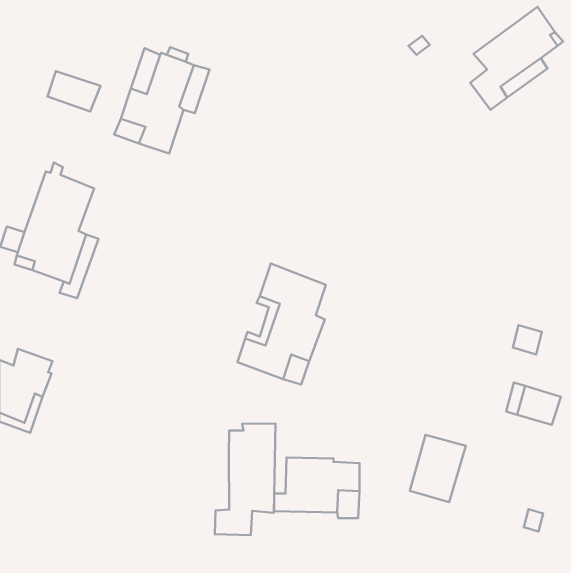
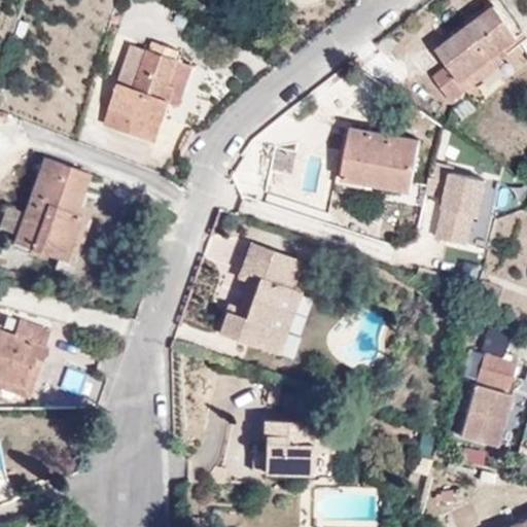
building: [48,71,100,111] -> none
building: none -> [343,128,420,188]
building: none -> [433,176,496,249]
building: [215,424,276,535] -> none
building: [410,435,466,502] -> [459,386,511,448]

